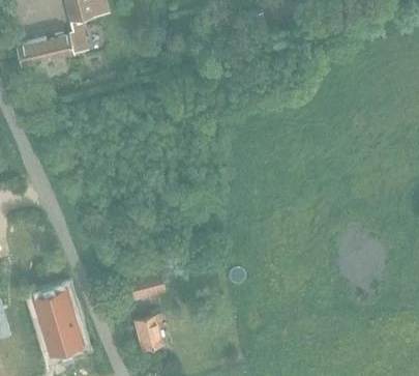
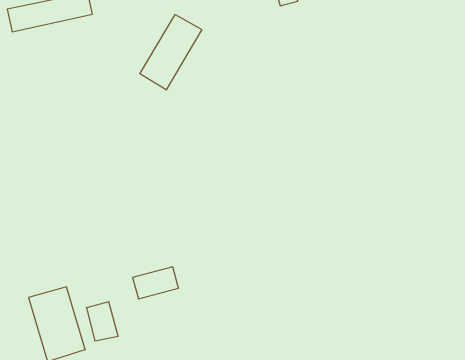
building: none -> [140,15,202,90]
building: [134,314,162,348] -> [86,302,118,341]

